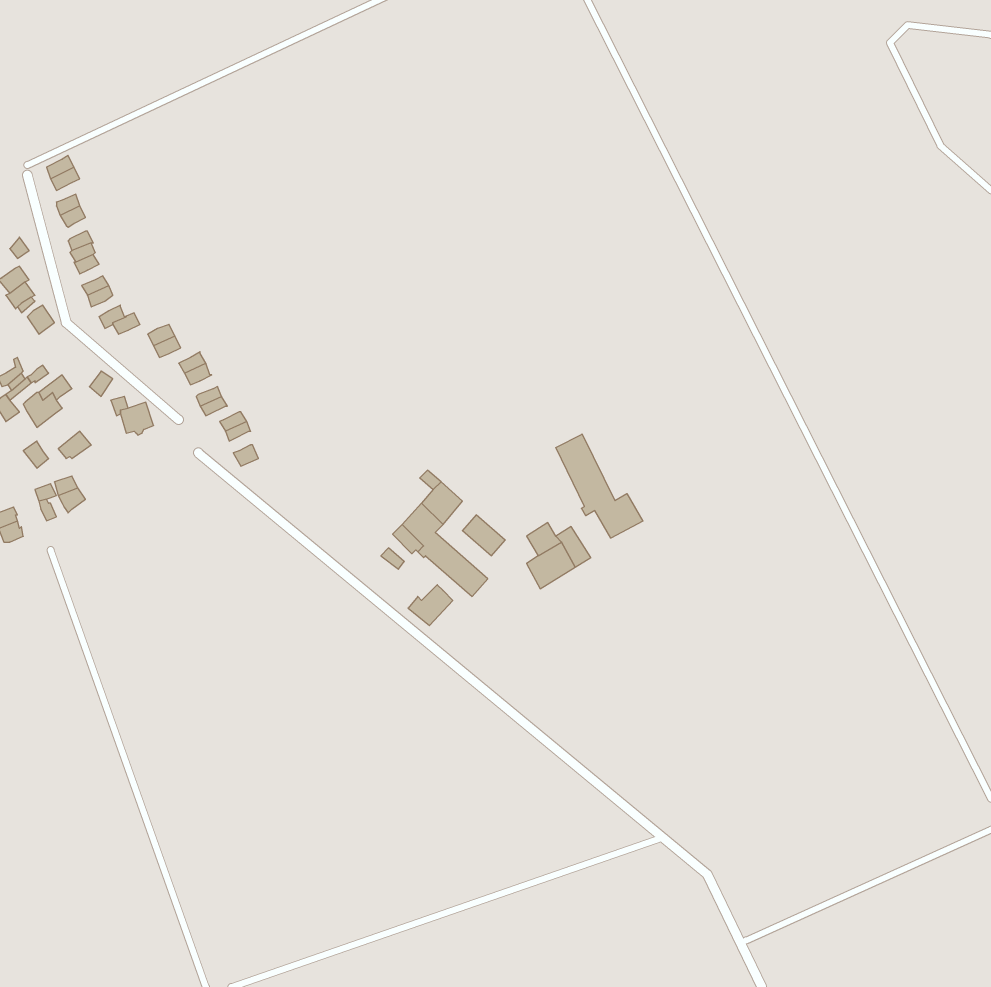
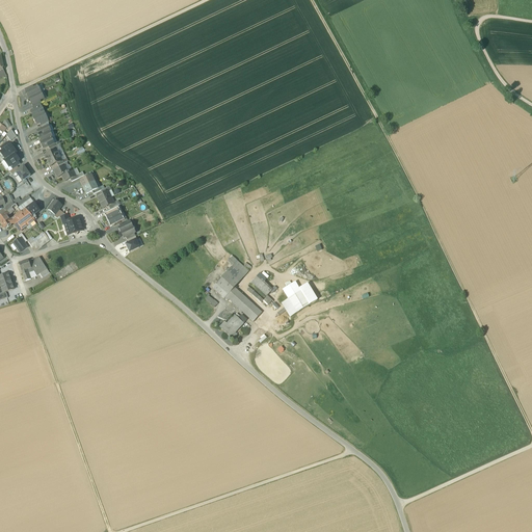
building: [556,434,643,538] -> none

